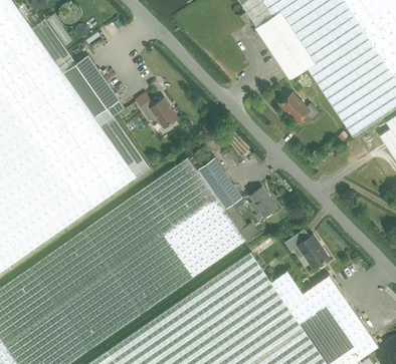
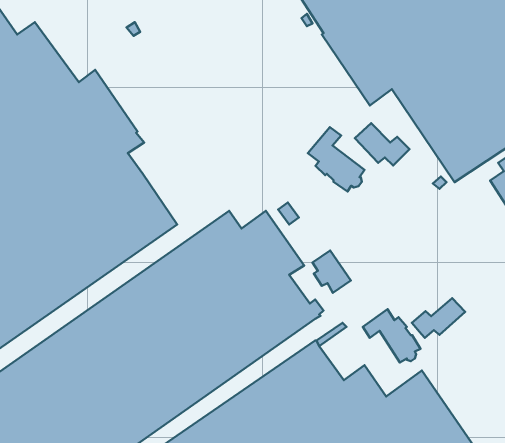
building: none -> [308,127,365,192]
building: [140,98,177,127] -> none
building: none -> [412,298,465,338]

